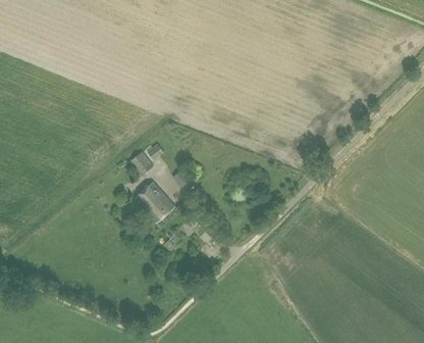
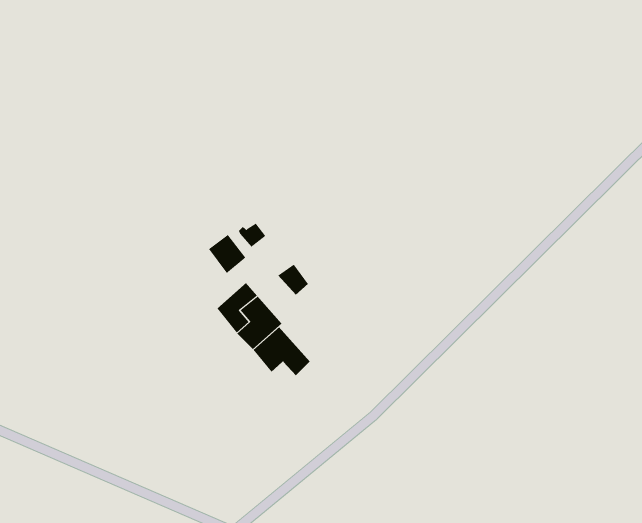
building: none -> [253,326,311,376]

